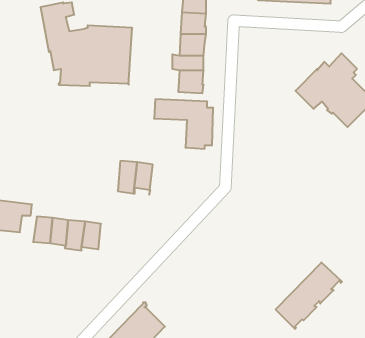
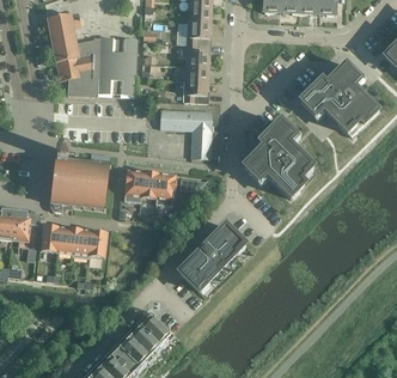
building: none -> [249,120,312,196]
building: none -> [48,147,111,212]
building: none -> [155,172,176,205]
building: [276,262,342,329] -> [179,224,245,289]

